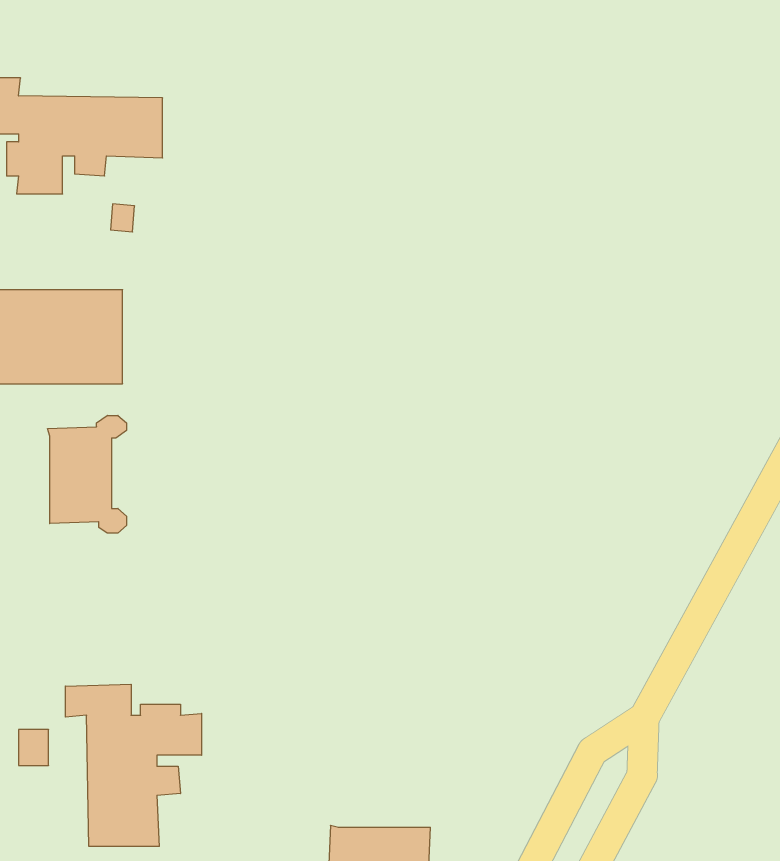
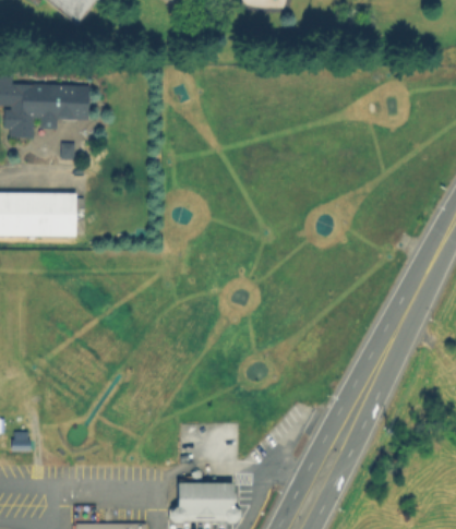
building: [48,415,126,533] -> none
building: [65,684,202,846] -> none

